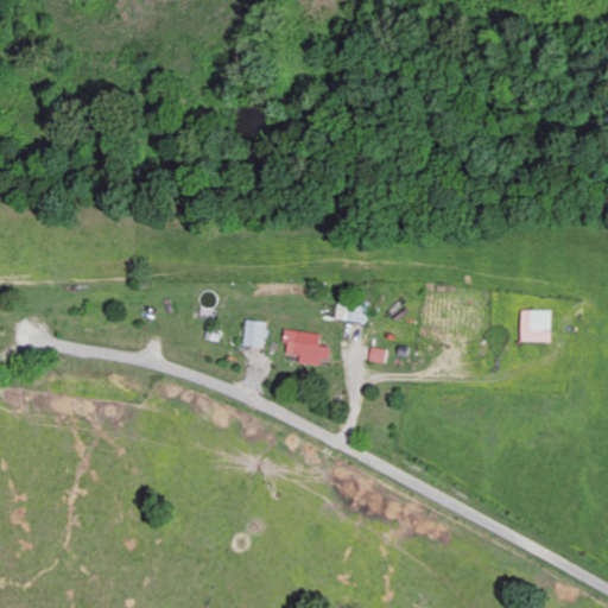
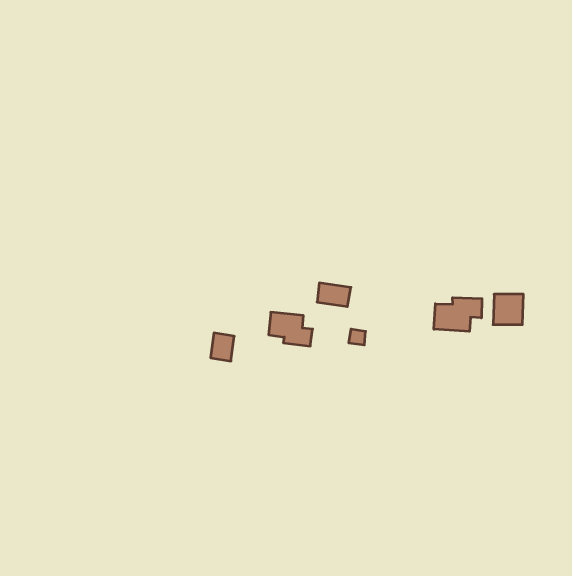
building: none -> [434,298,482,331]
building: [241,318,266,348] -> [211,333,234,361]

